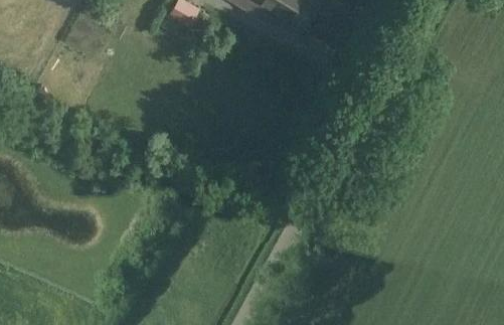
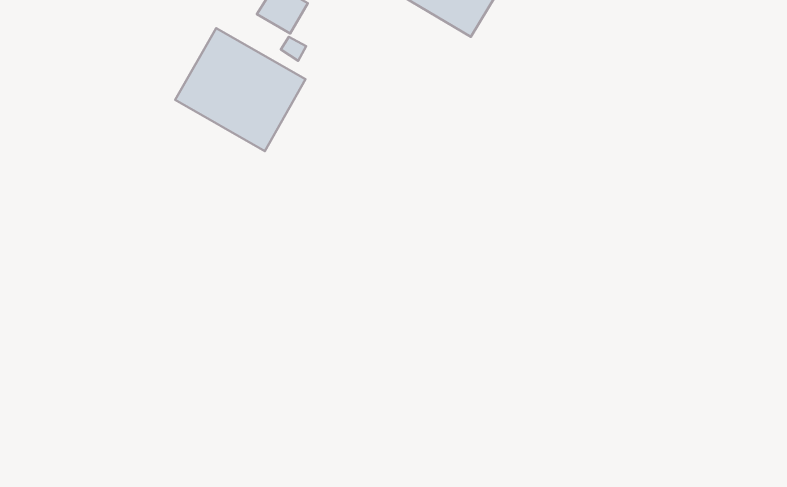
building: none -> [175,28,306,151]

